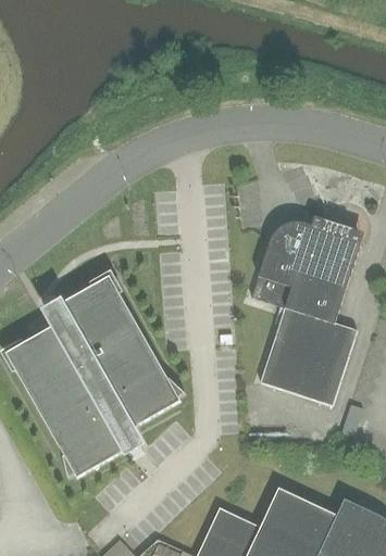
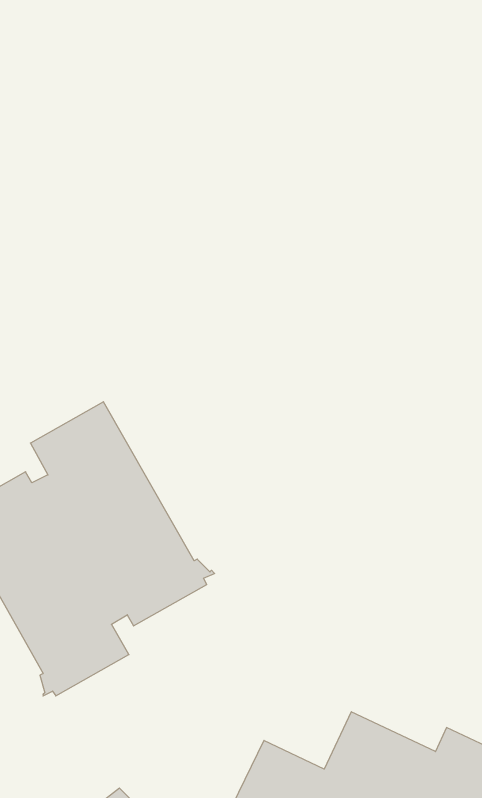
building: [252,220,362,405] -> none

